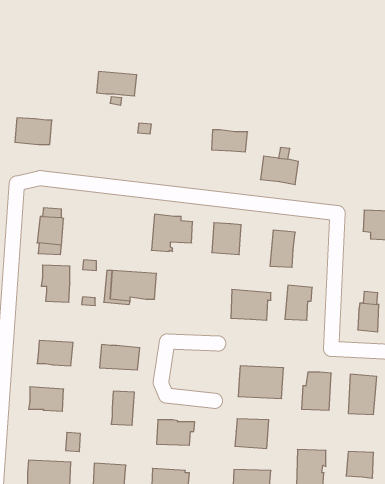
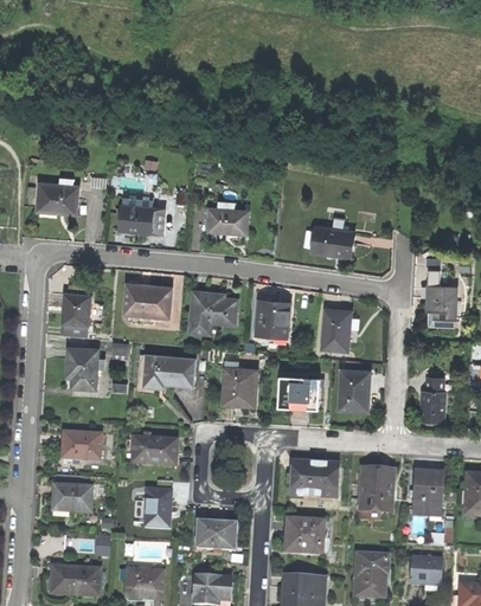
building: [97,72,137,96] -> [120,206,165,233]
building: [212,130,248,152] -> [209,208,249,233]
building: none -> [124,284,172,317]
building: none -> [220,361,254,406]

